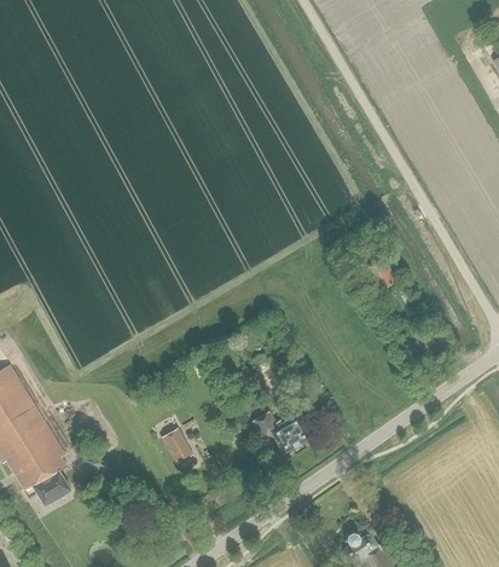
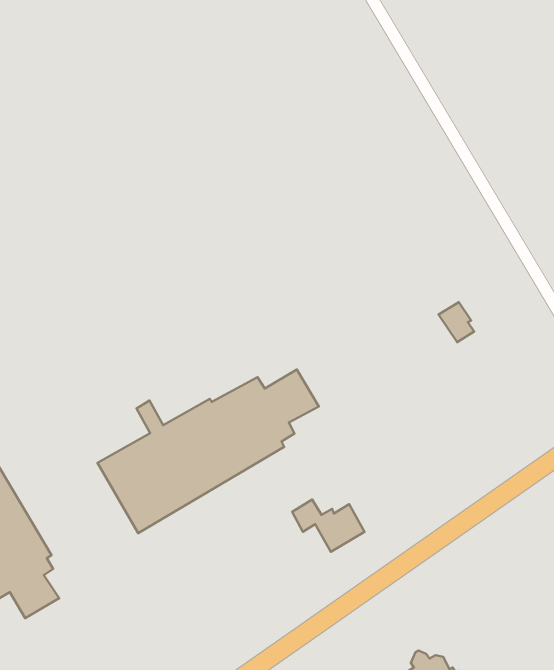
building: none -> [97,369,319,533]
building: [163,428,193,465] -> none

